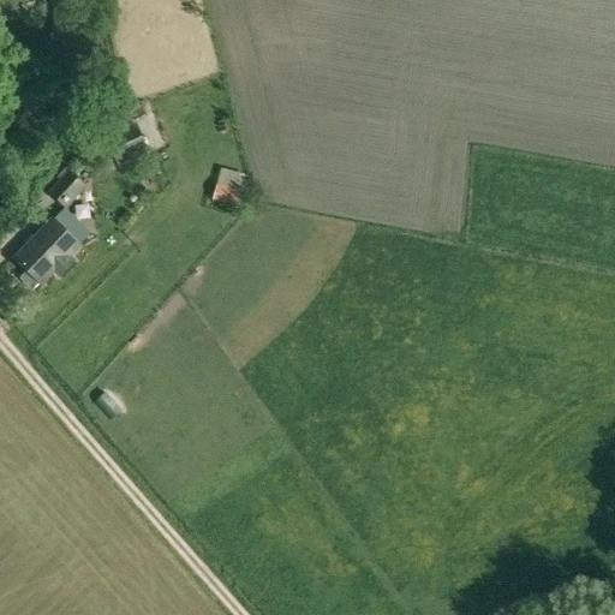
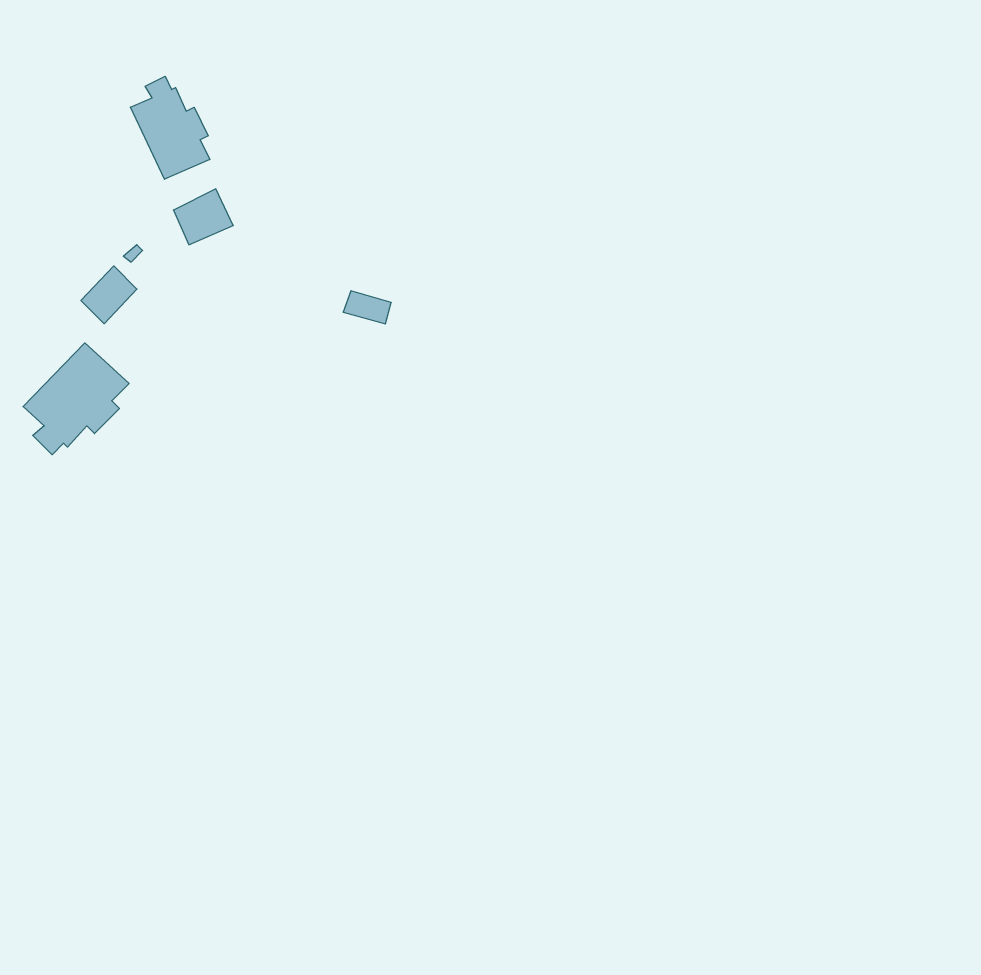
building: none -> [130,76,210,179]

